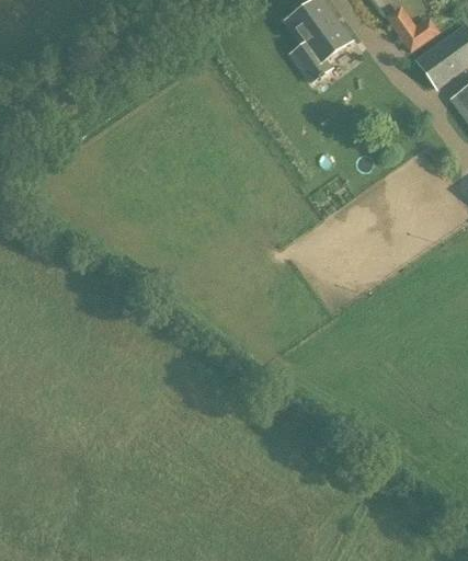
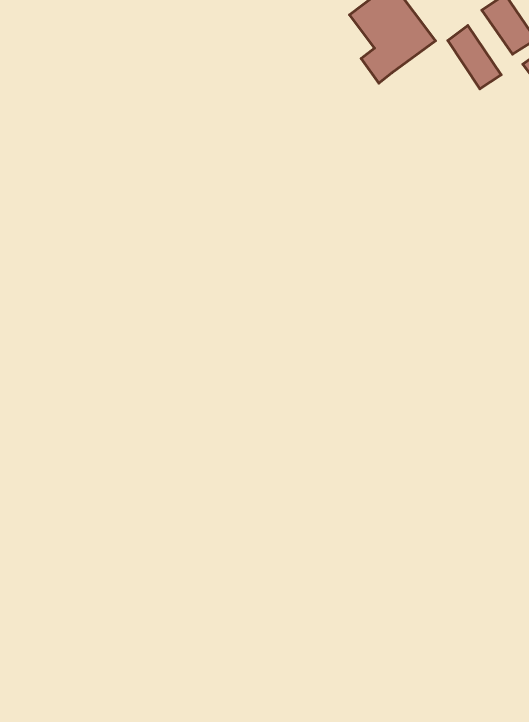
building: none -> [448,26,501,89]

